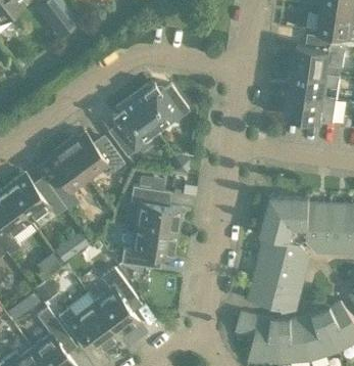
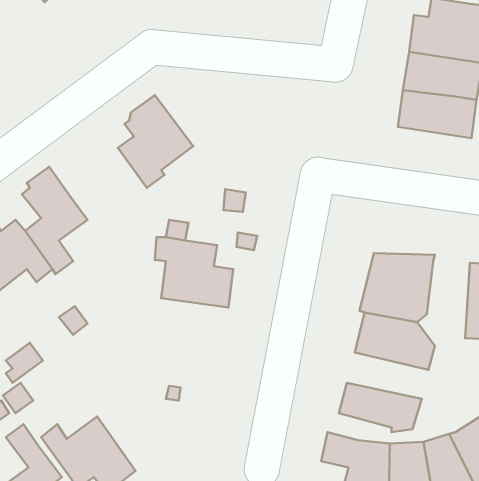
building: [131,83,188,129] -> none
building: [63,131,123,176] -> none
building: [304,202,332,251] -> none
building: [121,226,178,268] -> none
building: [253,261,305,290] -> none
building: [94,267,141,336] -> none

